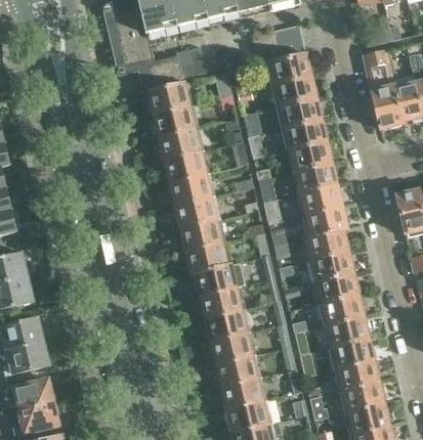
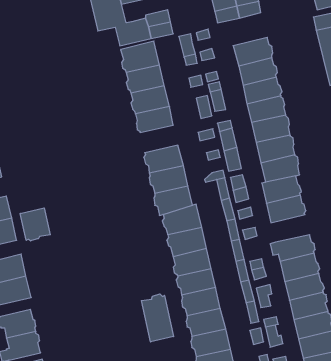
building: [267,52,311,86] -> none
building: [168,174,211,205] -> none
building: none -> [20,208,50,241]
building: [314,273,358,304] -> none
building: none -> [141,294,174,342]

